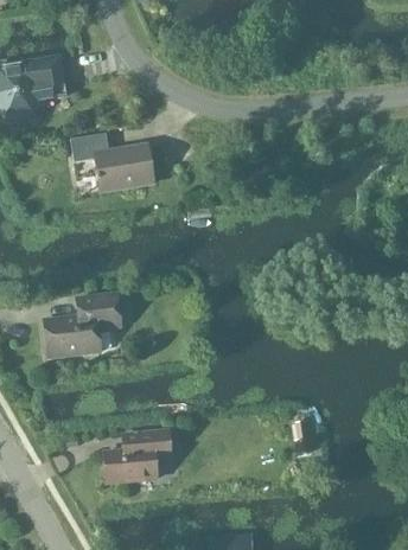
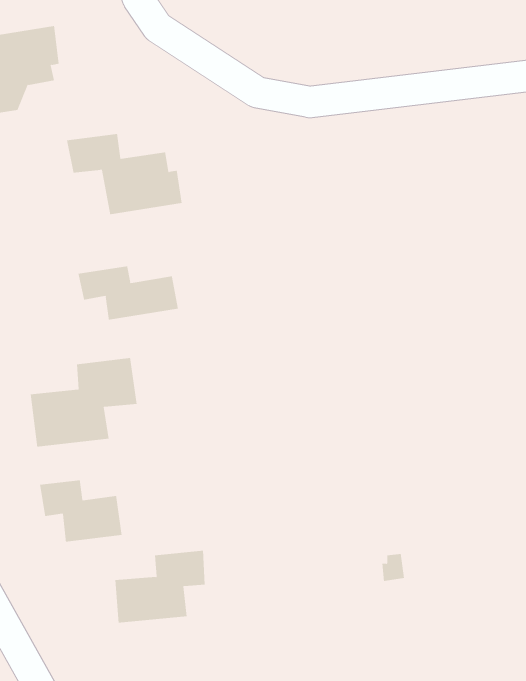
building: none -> [78,265,178,320]
building: none -> [40,480,122,542]

